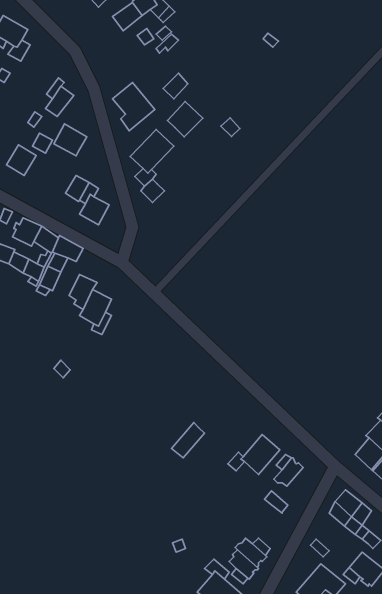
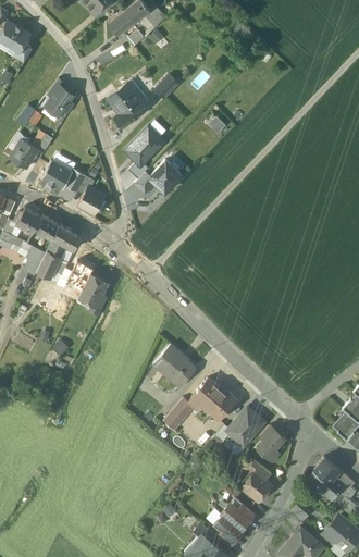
building: [168,102,203,137] -> [150,159,183,191]
building: [54,124,87,156] -> [42,160,73,189]
building: none -> [153,344,197,387]
building: none -> [188,379,237,420]
building: none -> [243,472,272,500]

